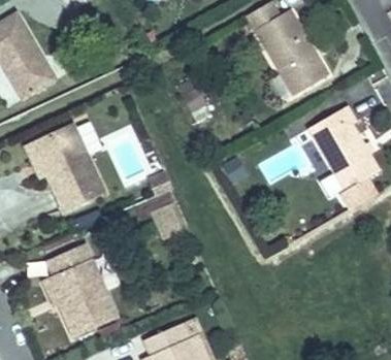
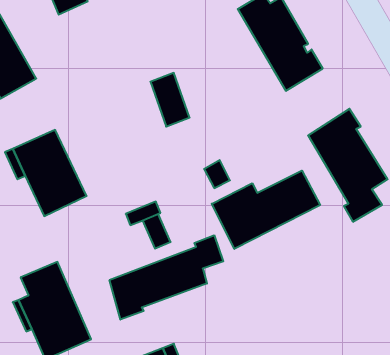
building: none -> [212,171,320,249]
building: none -> [110,235,223,320]

